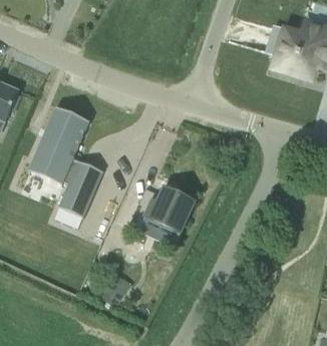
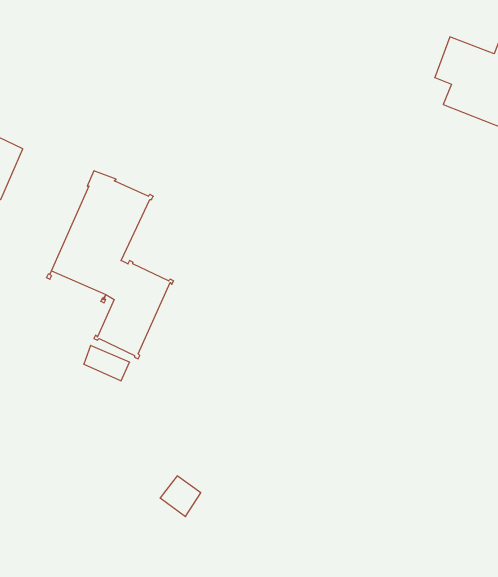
building: [145,188,194,232] -> none

